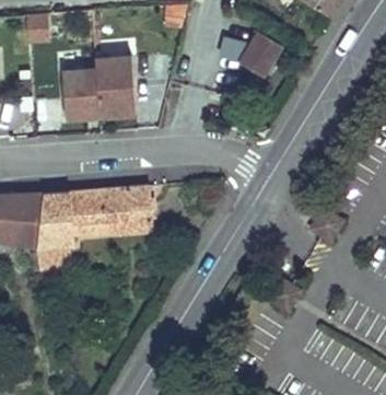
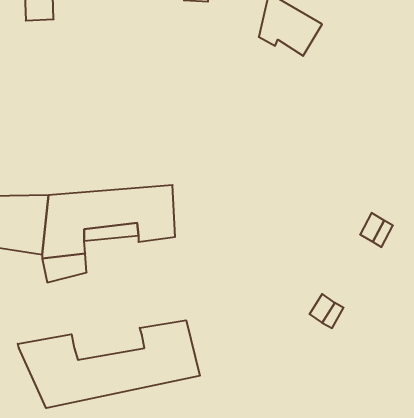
building: [59,53,132,119] -> none
building: none -> [18,320,200,408]

